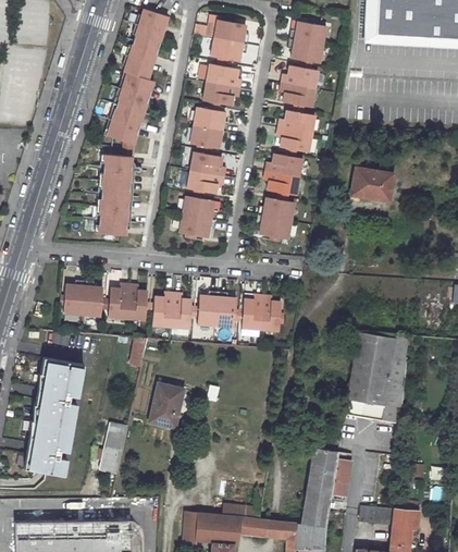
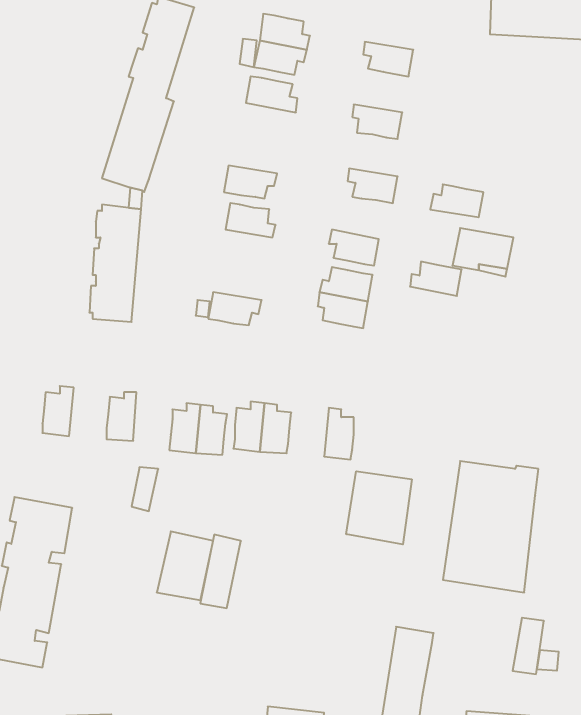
building: [289,23,326,46] -> none
building: [282,66,319,89] -> none
building: [203,83,242,107] -> none
building: [195,108,230,132] -> none
building: [278,111,315,134] -> [430,184,483,217]
building: [267,154,302,177] -> [410,262,462,296]
building: [188,171,225,194] -> none
building: [184,196,219,220] -> none
building: [84,281,104,316] -> none
building: [128,284,149,319] -> none
building: [243,295,264,329] -> none
building: none -> [346,471,412,544]
building: [98,424,126,475] -> [200,535,241,608]
building: [330,458,351,498] -> [513,618,544,674]

